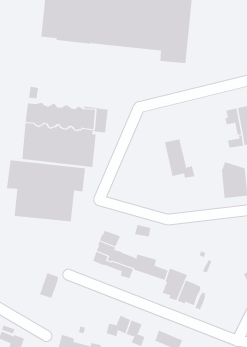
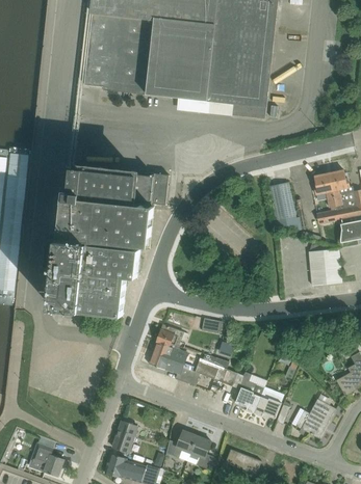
building: [164,139,195,178] -> [268,182,307,231]
building: [39,273,59,299] -> [112,421,137,453]
building: none -> [296,399,335,438]

